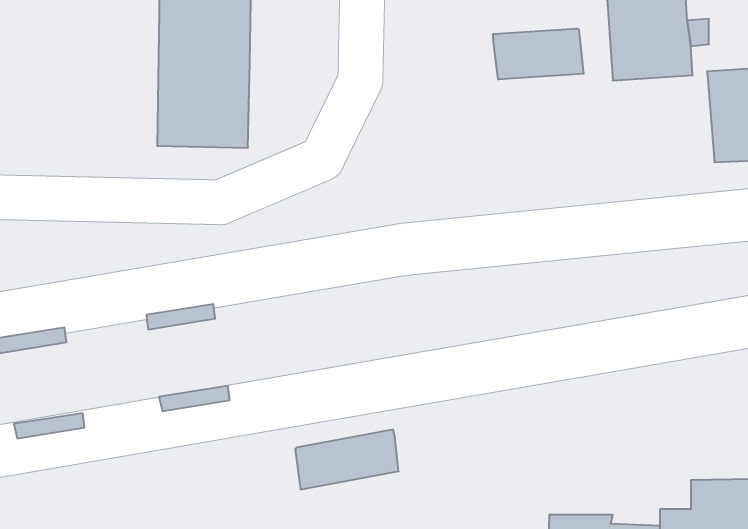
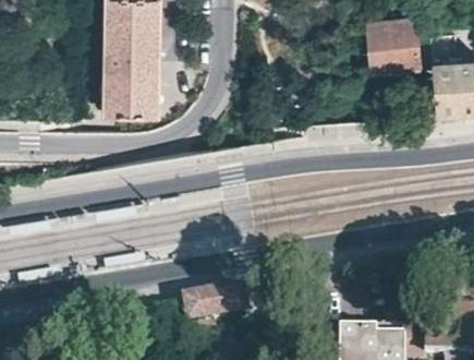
building: [493,28,584,80] -> none

